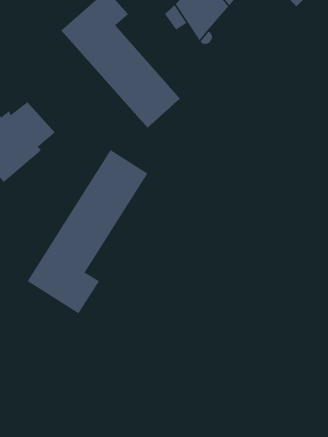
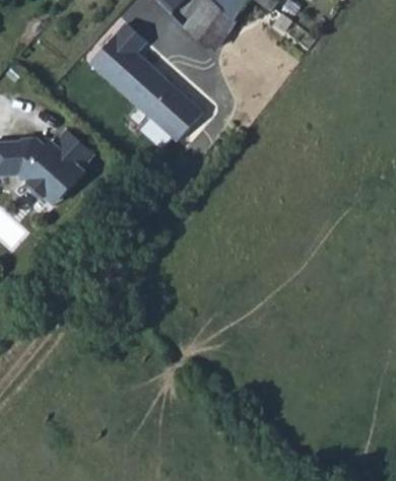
building: [27,149,148,314] -> none

